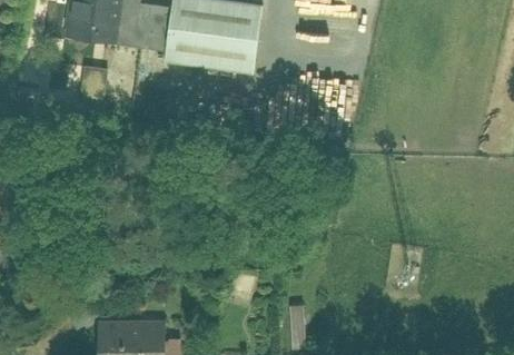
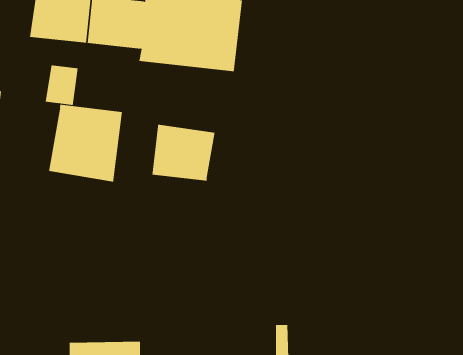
building: none -> [49,104,123,182]
building: none -> [152,124,215,181]

